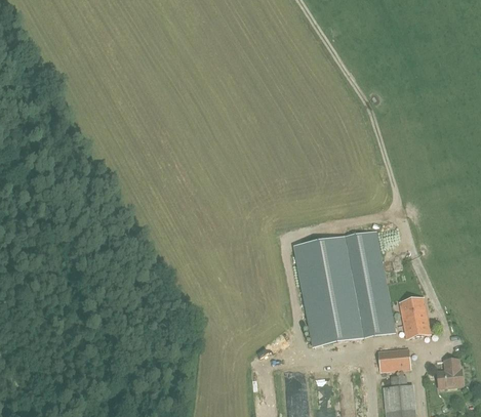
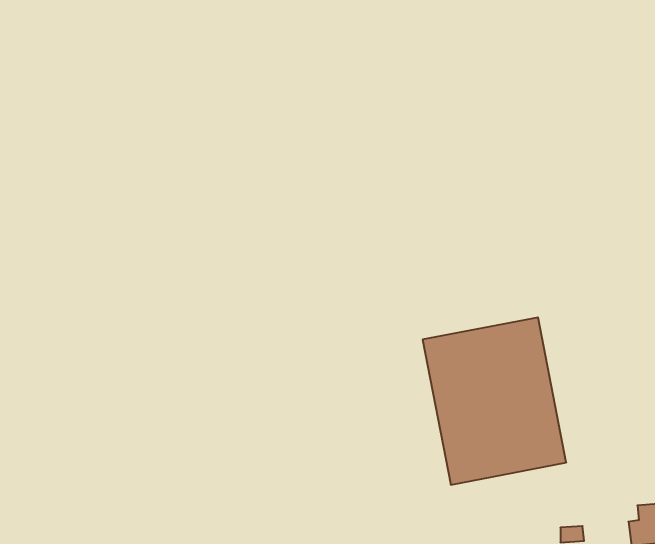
building: [399,296,430,337] -> none
building: [377,347,410,371] -> none

